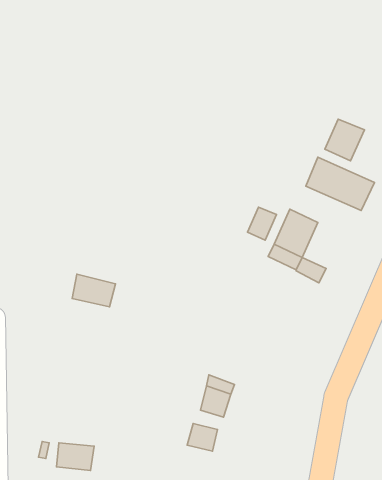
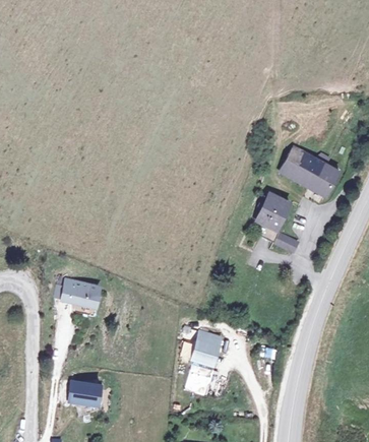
building: [325,119,364,161] -> none
building: [248,207,277,240] -> none
building: [72,274,116,307] -> [70,280,107,308]

